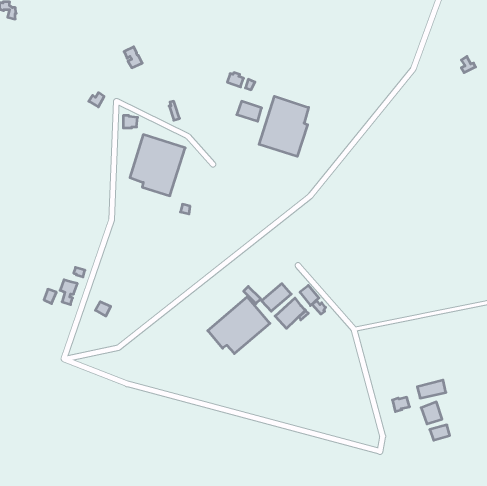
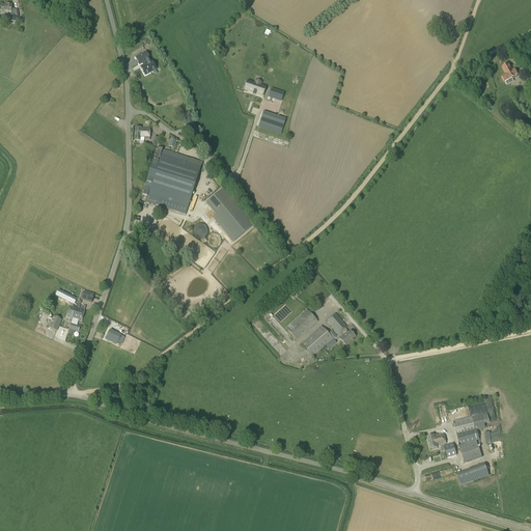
building: [259,96,309,156] -> none
building: none -> [205,187,254,241]
building: [208,297,270,354] -> none

